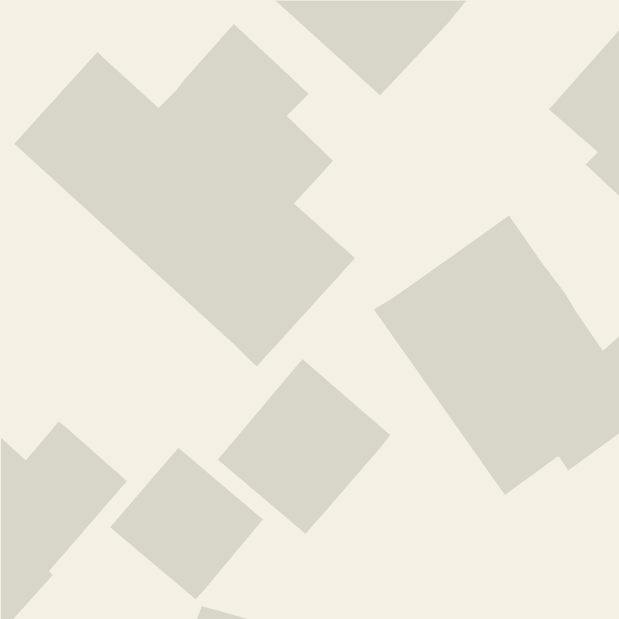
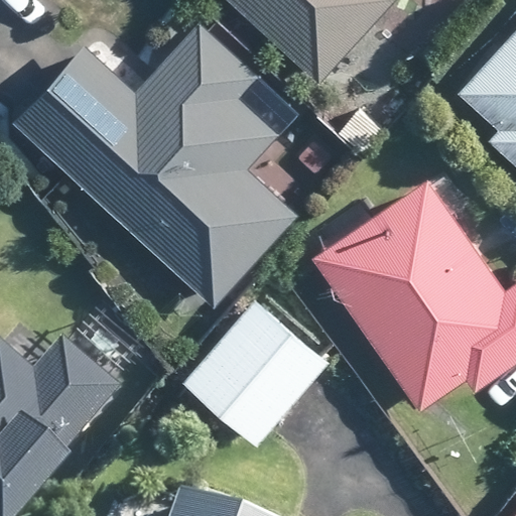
building: [109,447,264,600] -> none

